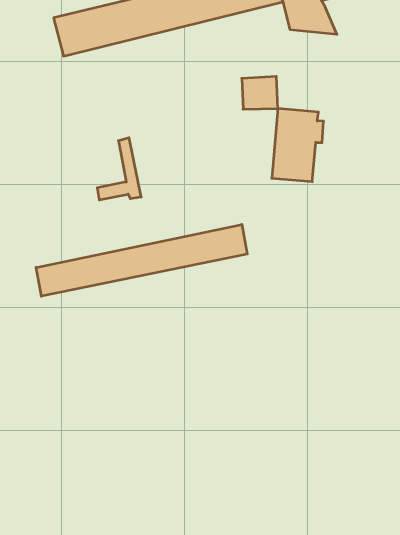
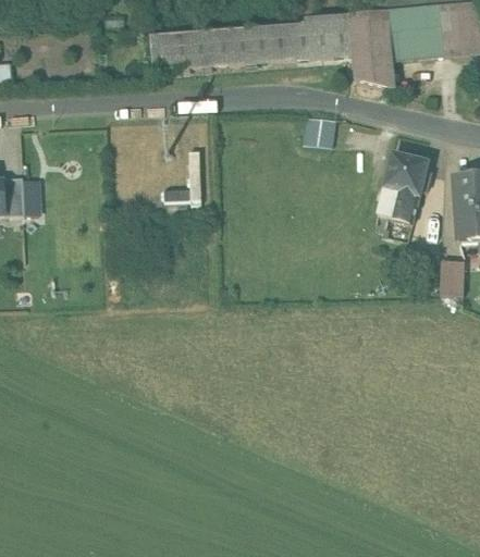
building: [272,109,324,182] -> [378,152,431,221]
building: [36,224,247,296] -> none

